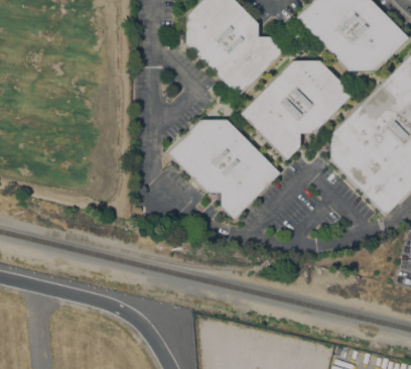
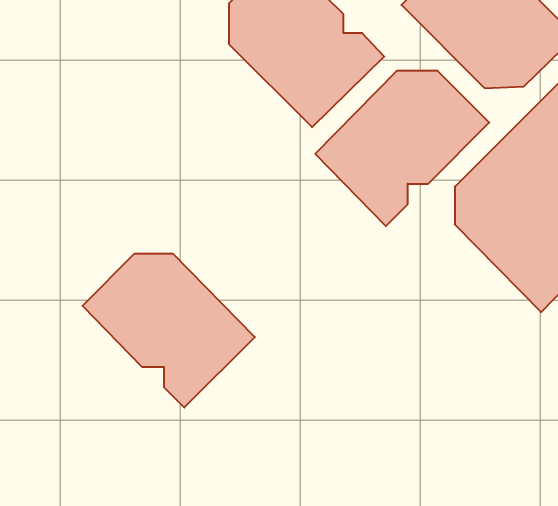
building: [168,120,279,219] -> [82,254,255,408]

